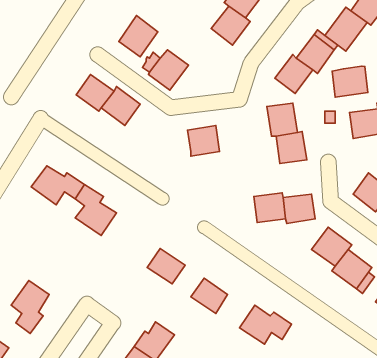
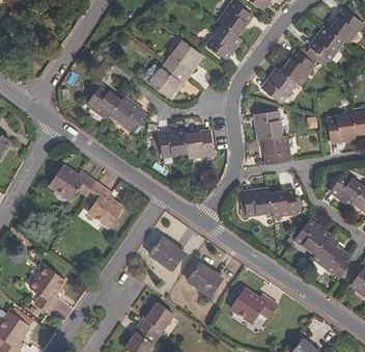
building: [119,15,158,57] -> [167,40,201,77]
building: [332,66,368,97] -> none
building: none -> [159,130,188,156]

